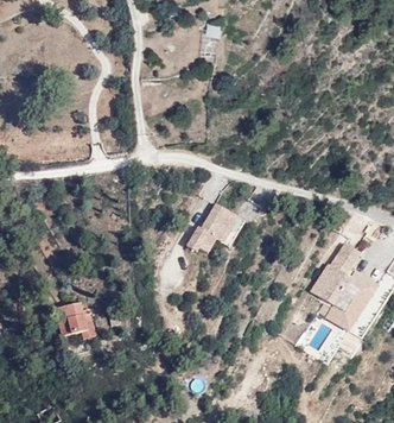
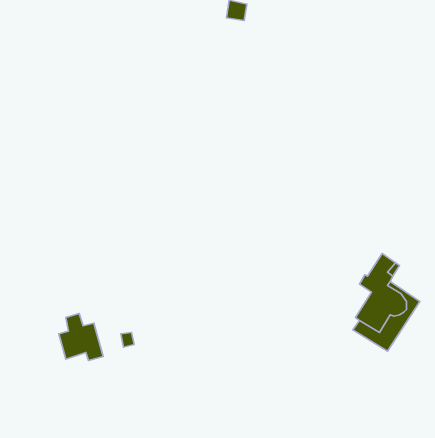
building: [183,206,235,254] -> none

